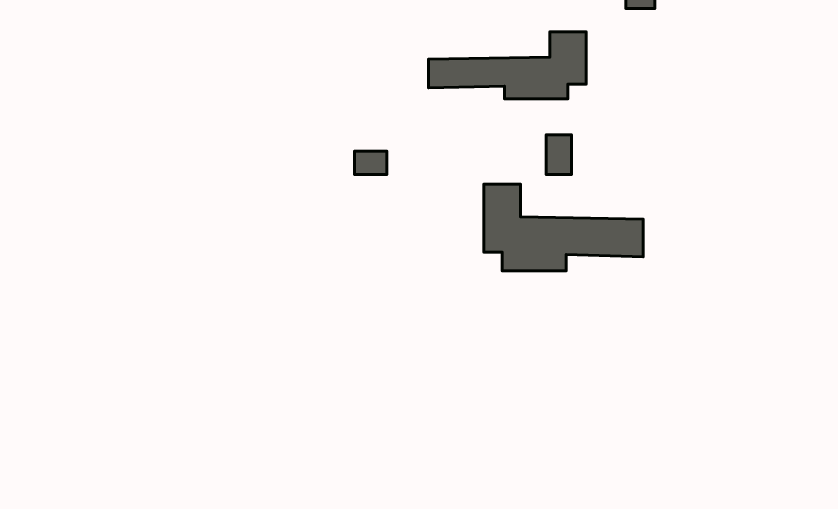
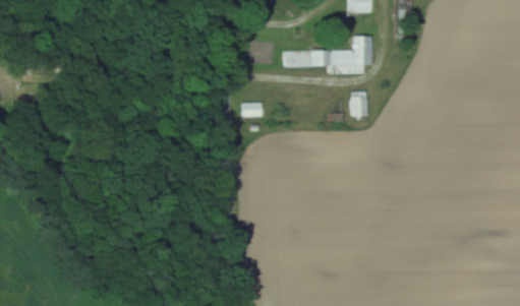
building: [484,184,643,271] -> none

